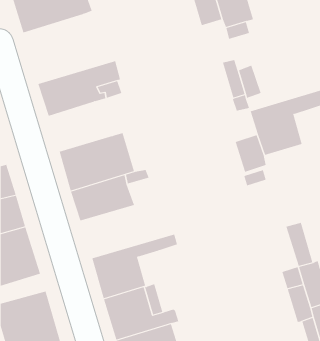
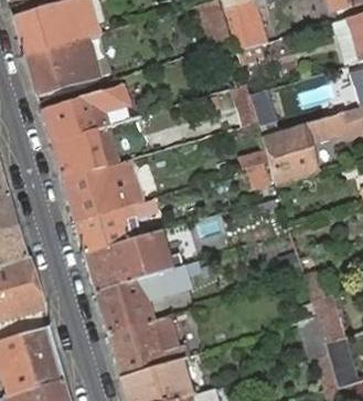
building: none -> [24,35,99,94]
building: none -> [51,127,118,179]
building: none -> [84,234,183,291]

